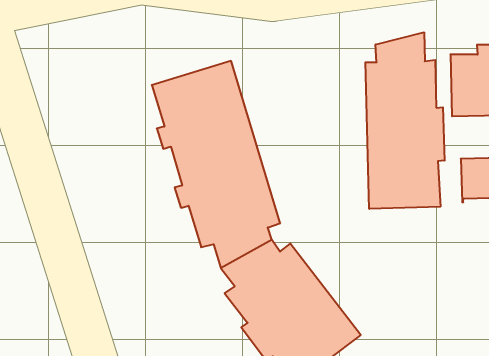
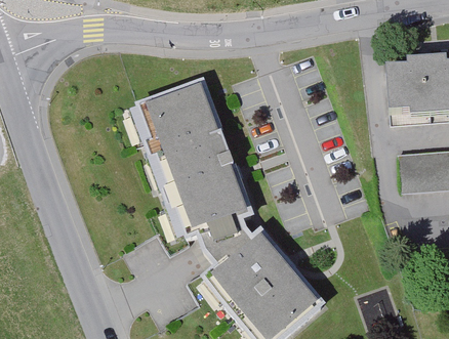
building: [365,32,445,209] -> none

